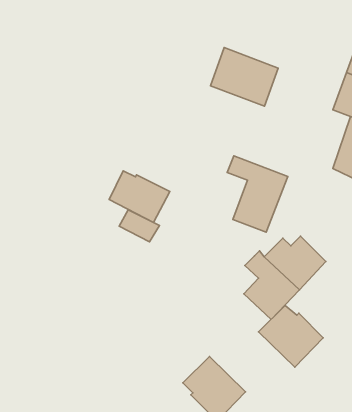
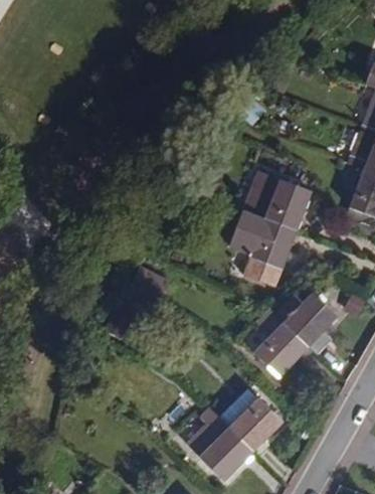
building: [211,47,278,106] -> [243,170,313,230]
building: [109,171,170,222] -> none
building: [259,305,323,367] -> [218,388,285,452]

